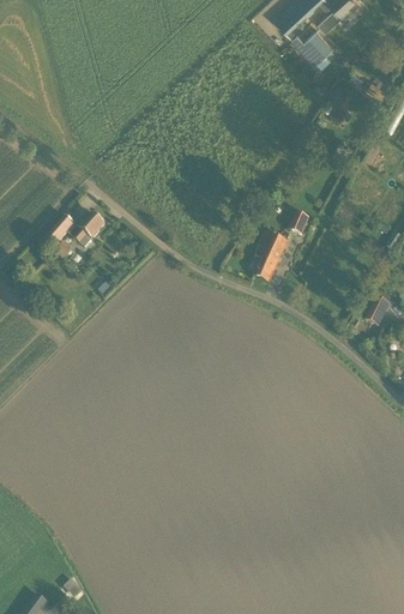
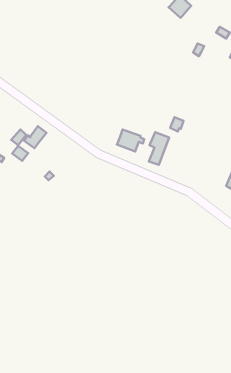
building: none -> [117,130,144,151]

